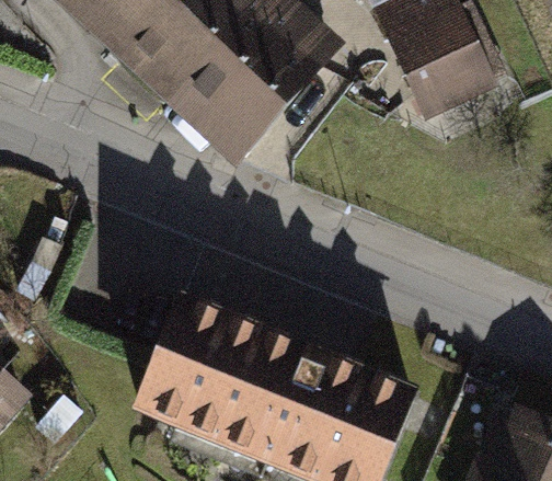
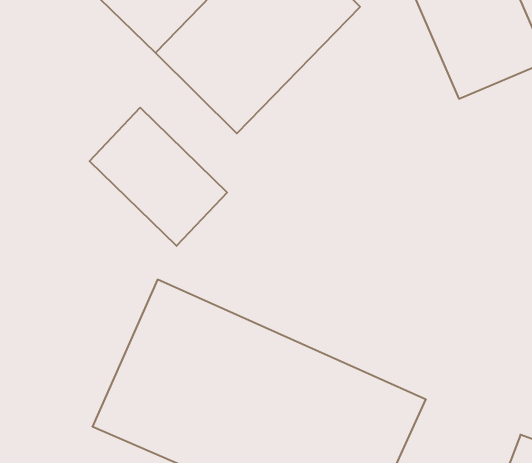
building: none -> [90,108,227,246]

